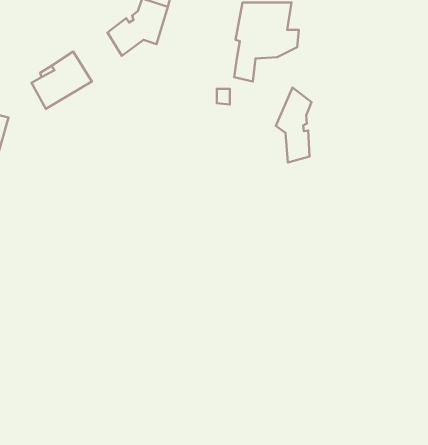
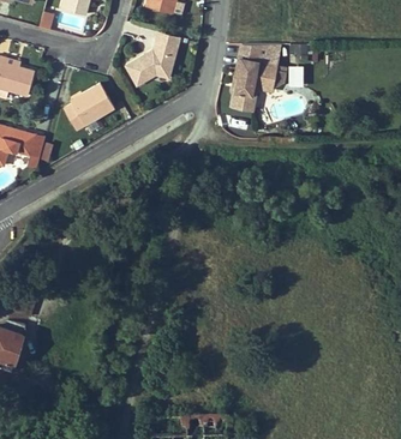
building: [276,88,312,163] -> none

